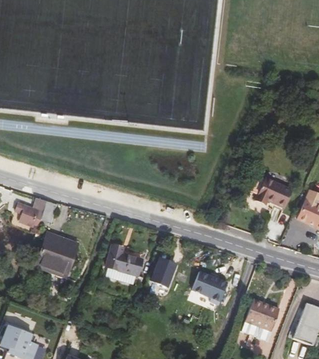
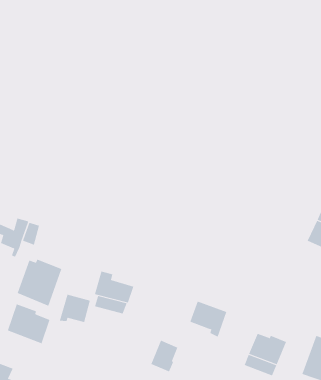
building: [254,177,291,207] -> none
building: [149,258,174,287] -> [151,340,178,372]
building: none -> [59,294,91,323]
building: none -> [7,304,50,344]

